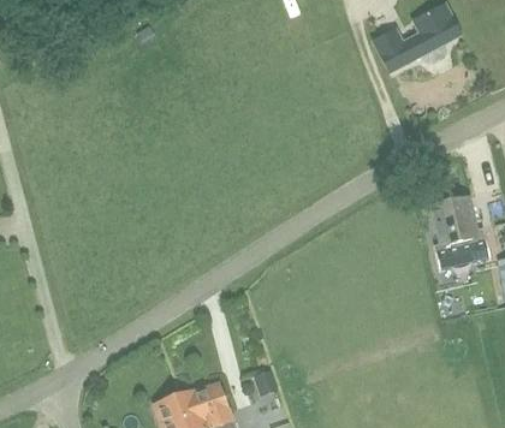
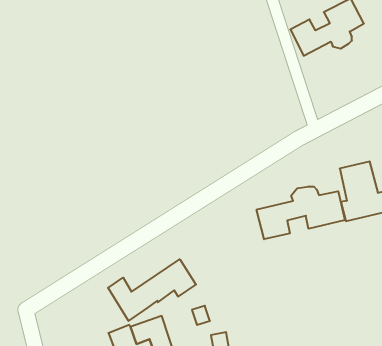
building: none -> [257,186,345,239]
building: none -> [108,259,196,321]

